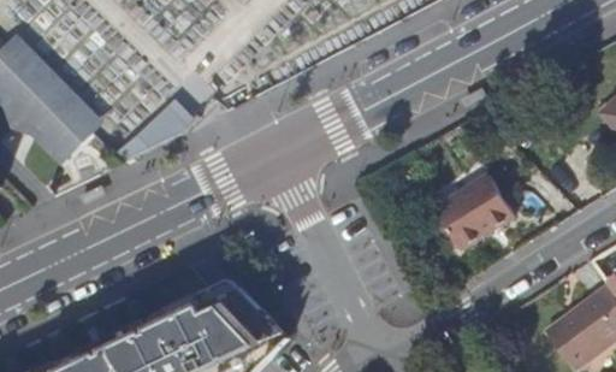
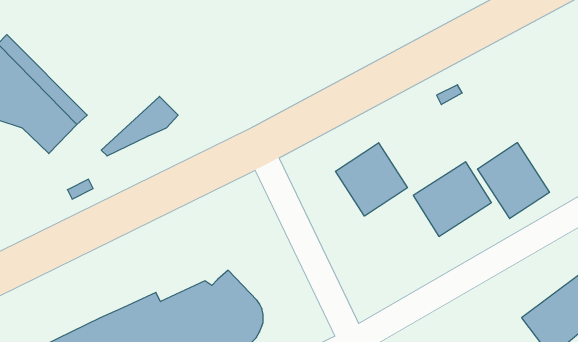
building: none -> [478,143,549,219]
building: none -> [336,143,407,216]

